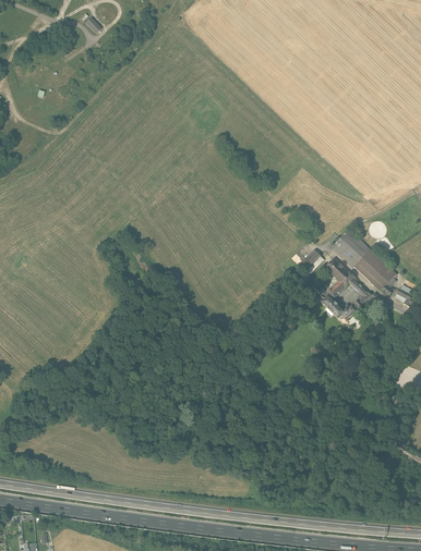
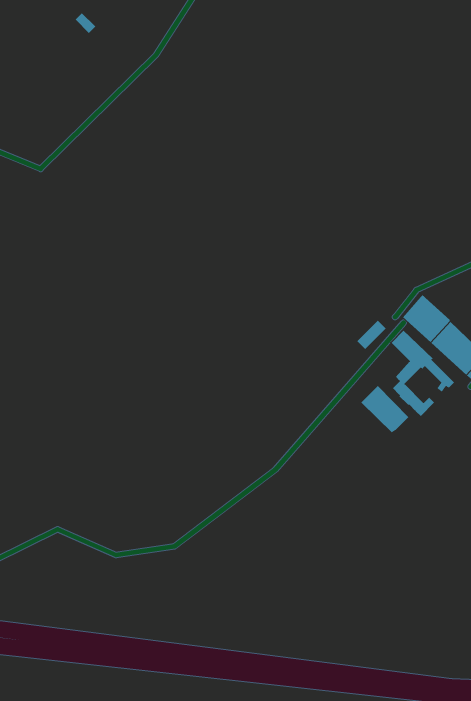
building: none -> [360,385,409,433]

